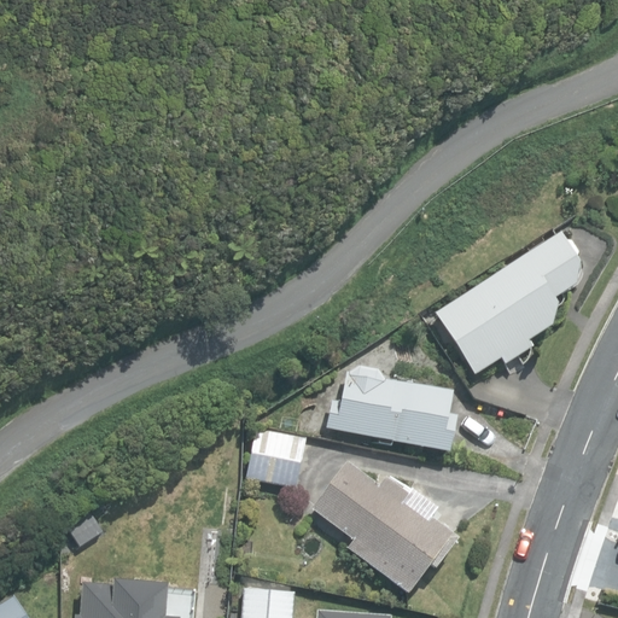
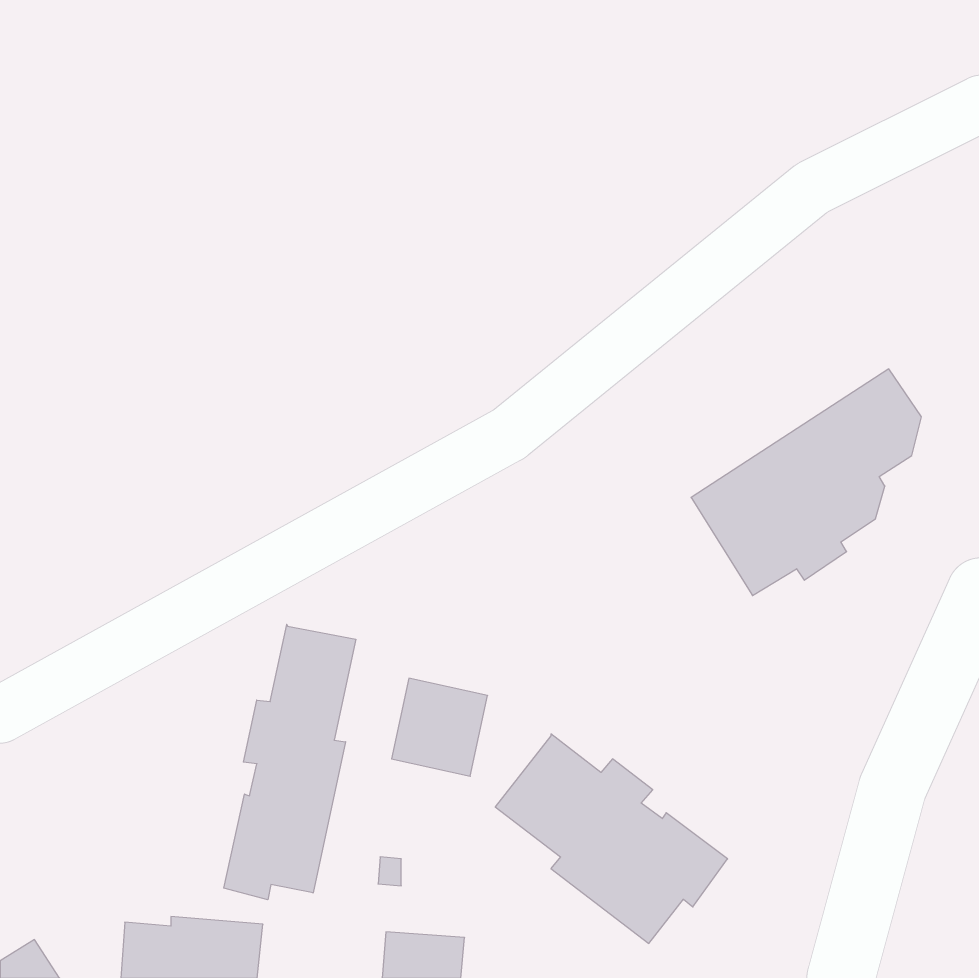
building: [326,365,455,451] -> none
building: none -> [224,624,356,900]

